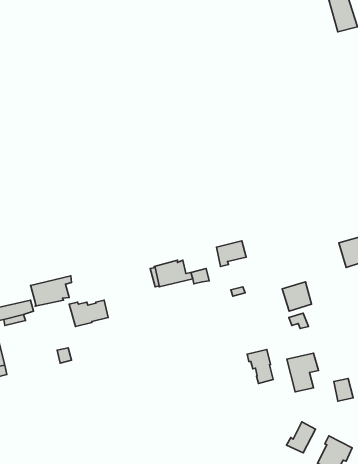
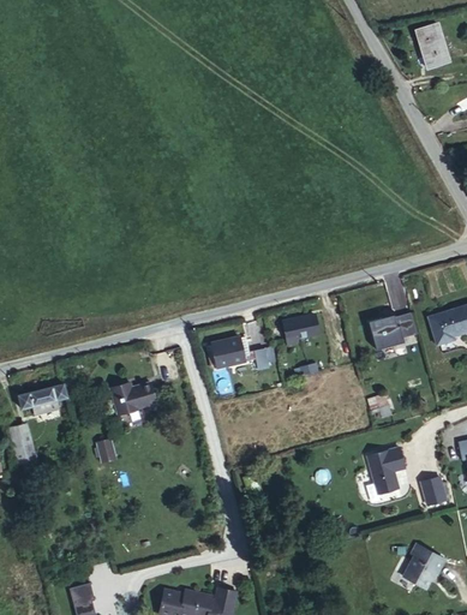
building: [30,276,72,306] -> none
building: [282,282,312,311] -> [367,317,402,352]
building: [247,350,273,383] -> none
building: [287,422,315,453] -> none

